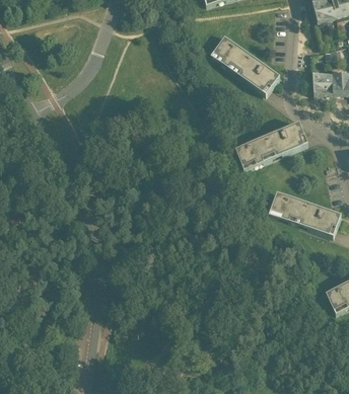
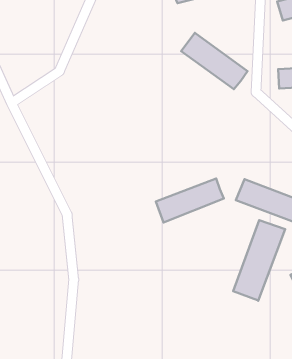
building: [235,123,307,169] -> [156,179,224,223]
building: none -> [233,220,285,301]

